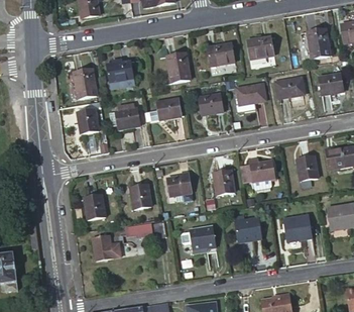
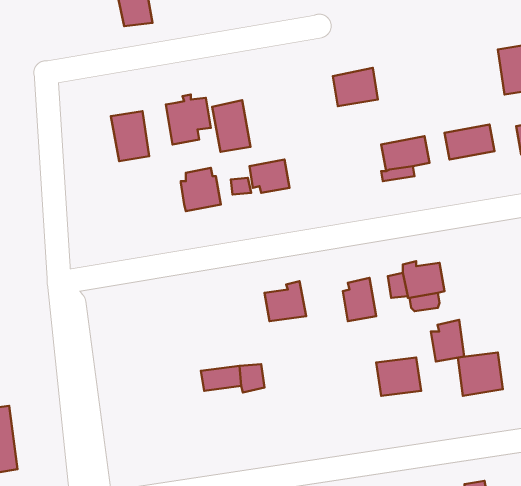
building: [246,36,273,59] -> none
building: [166,51,190,83] -> [212,100,251,152]
building: [198,94,223,115] -> none
building: [77,109,98,133] -> none
building: [296,155,316,181] -> [431,320,464,361]
building: [130,184,151,209] -> none
building: [84,195,104,220] -> none
building: [188,226,214,249] -> none
building: [92,235,120,259] -> none

